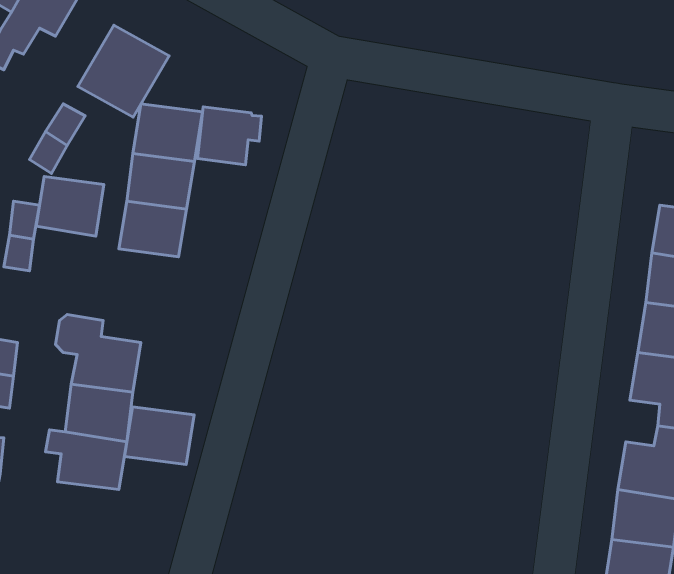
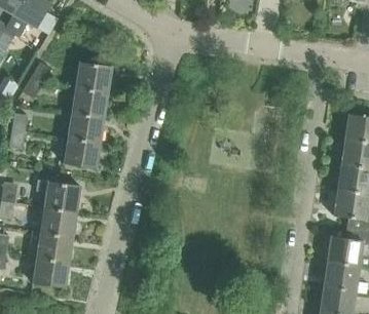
building: [78,25,169,117] -> none
building: [198,107,262,165] -> none
building: [36,177,104,236] -> [65,138,100,168]
building: [125,407,194,465] -> [33,258,69,287]

